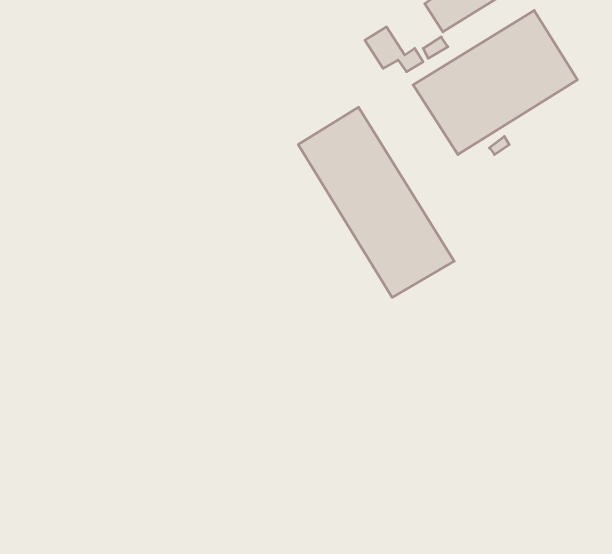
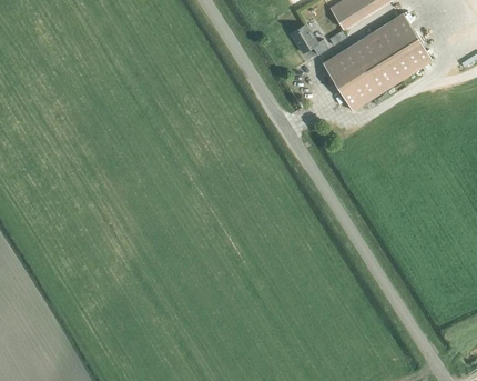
building: [298,107,454,297] -> none

